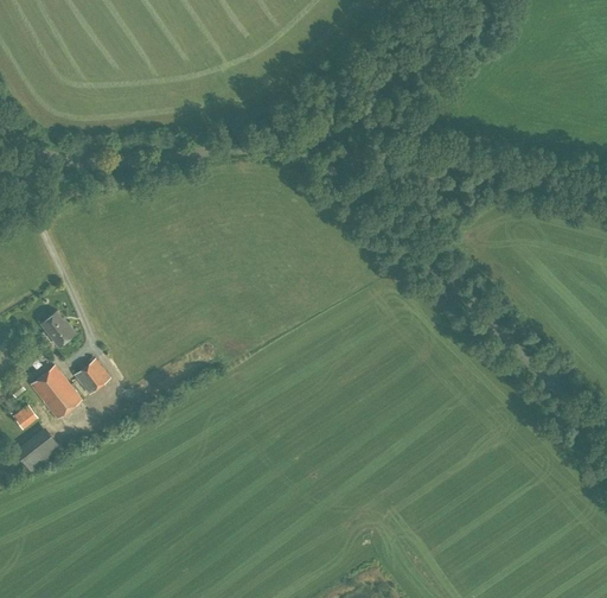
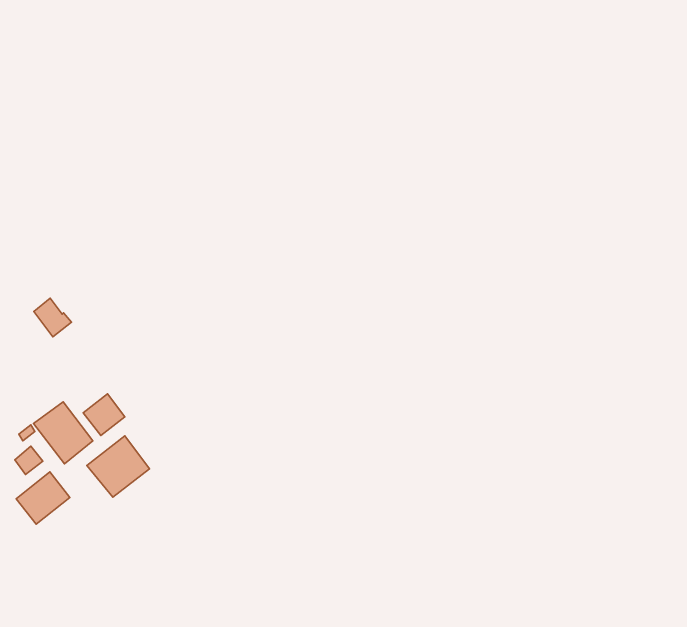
building: [41,312,75,346] -> [34,298,72,337]
building: none -> [87,436,149,497]

